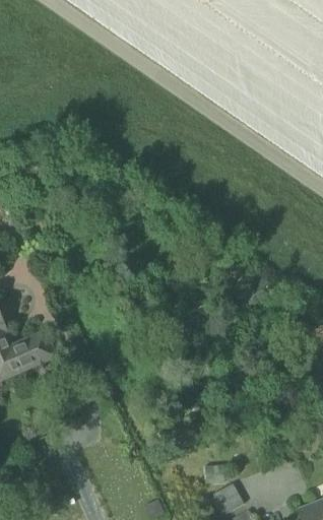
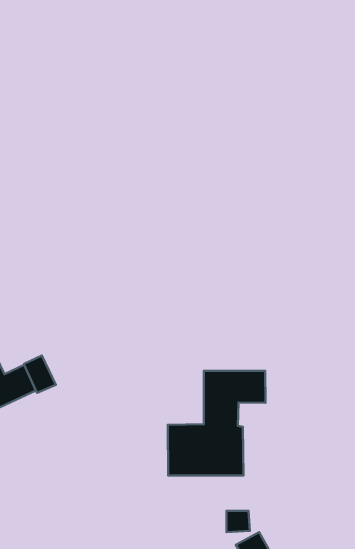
building: none -> [168,371,265,476]

